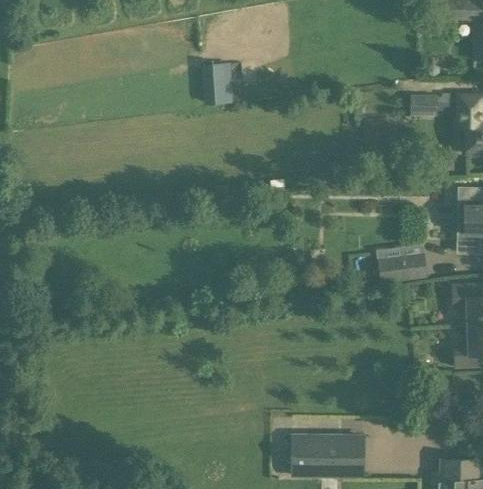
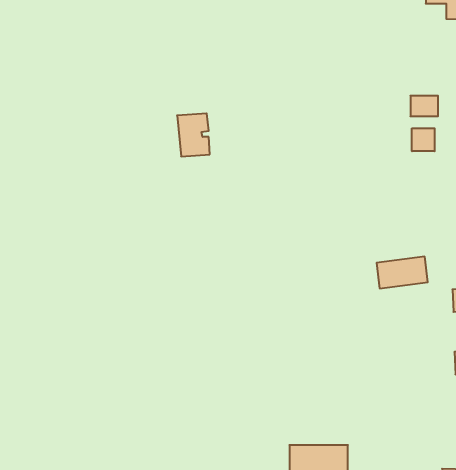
building: [203,62,235,104] -> [177,113,210,156]
building: none -> [412,128,435,151]

